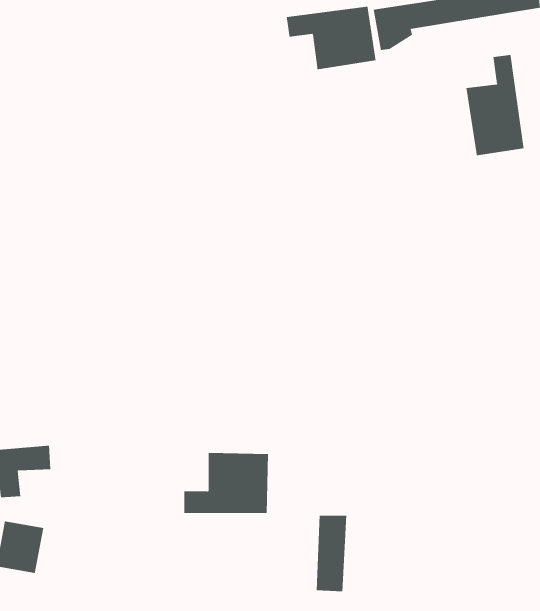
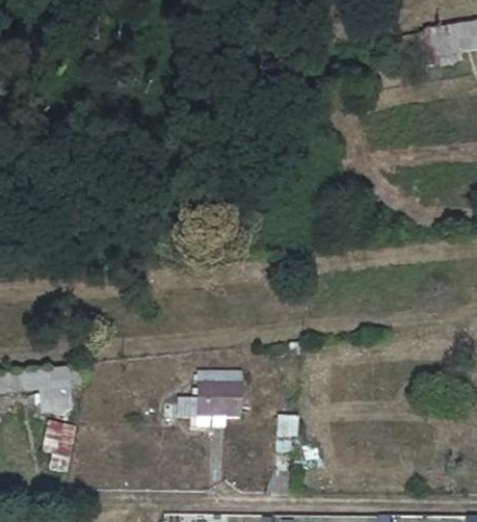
building: [286,6,376,70] -> none
building: [466,54,524,156] -> none

